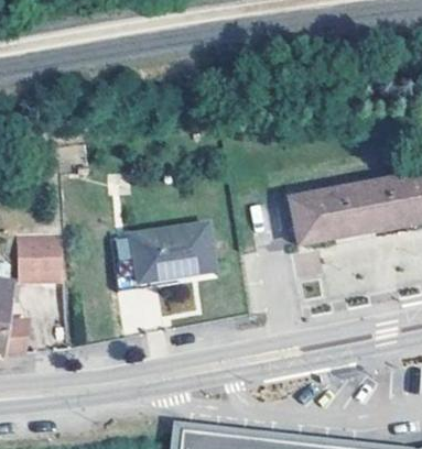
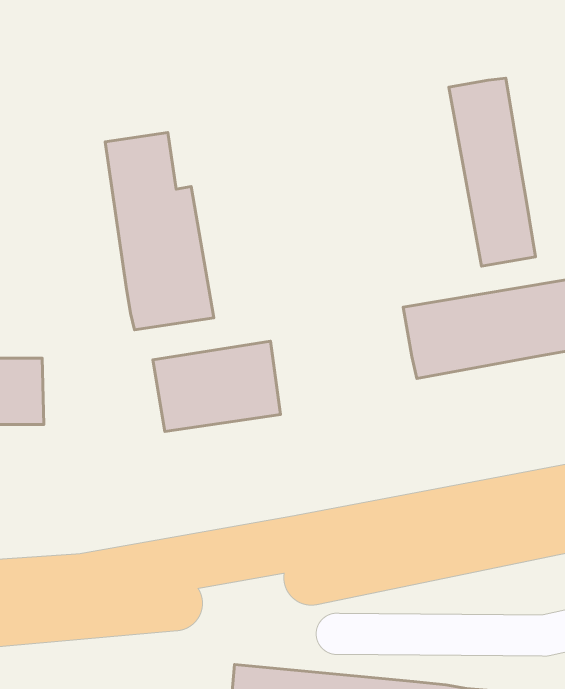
building: none -> [449,78,535,266]
building: none -> [105,132,214,330]

